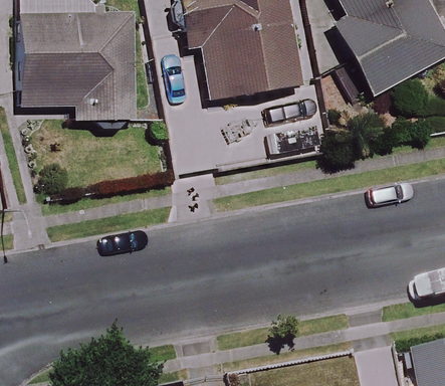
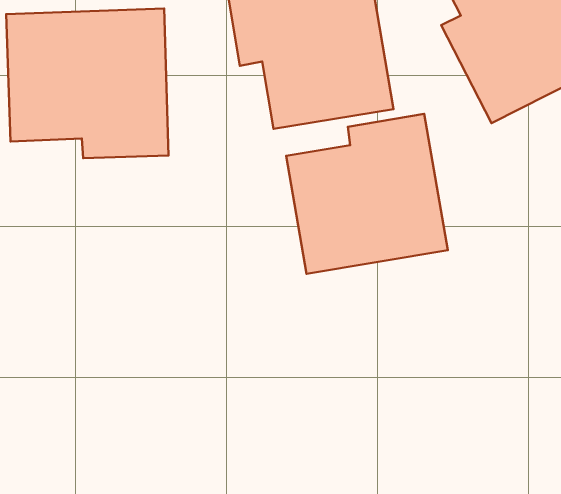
building: none -> [286,114,448,274]

